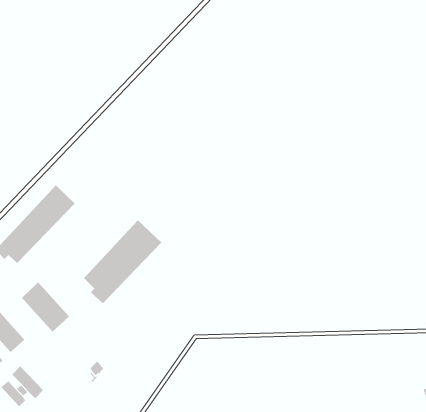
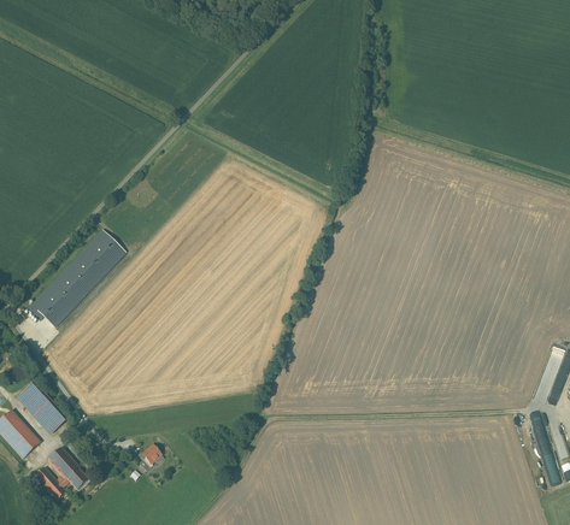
building: [83,219,162,304] -> none
building: [21,282,70,333] -> none

